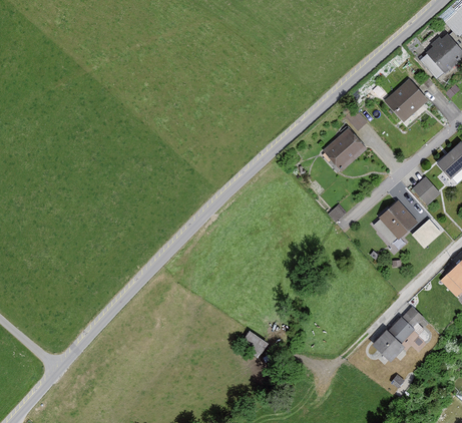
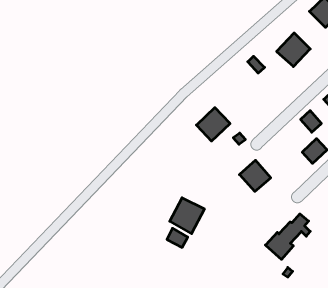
building: [322,130,364,172] -> [196,108,230,141]
building: [377,200,416,240] -> [239,160,271,191]
building: none -> [170,198,204,234]

